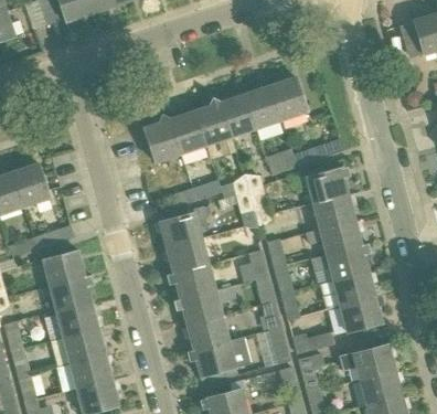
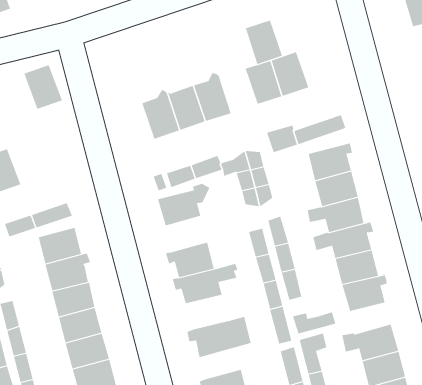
building: [219,93,256,137] -> [245,20,283,65]
building: [11,162,50,206] -> [23,65,63,110]
building: [166,237,207,273] -> none
building: [185,315,228,349] -> none

